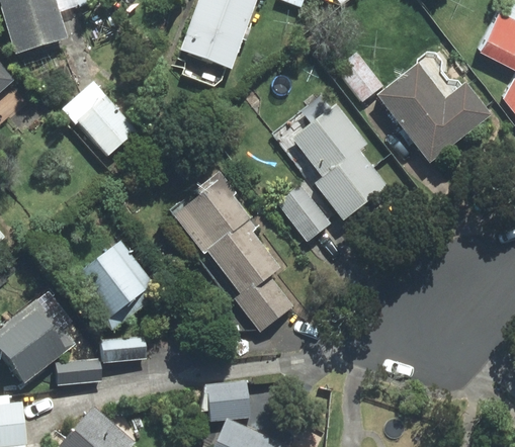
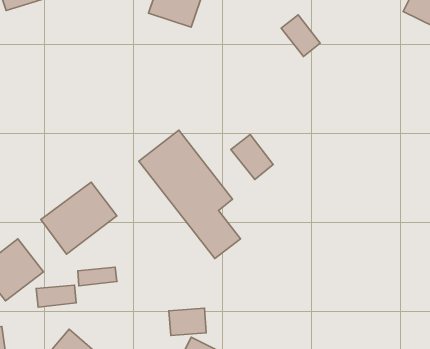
building: [380,65,490,159] -> none
building: [80,98,132,152] -> none
building: [294,114,383,211] -> none

